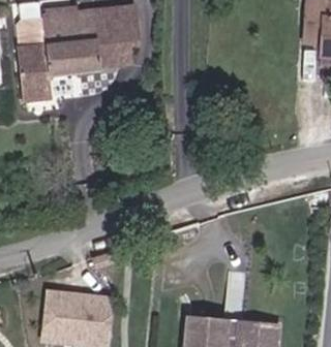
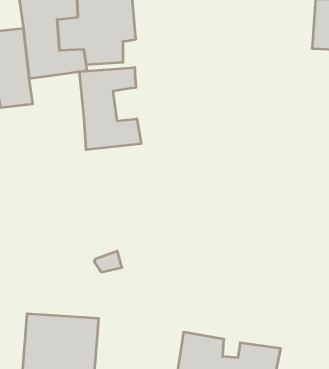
building: none -> [79,67,141,150]

